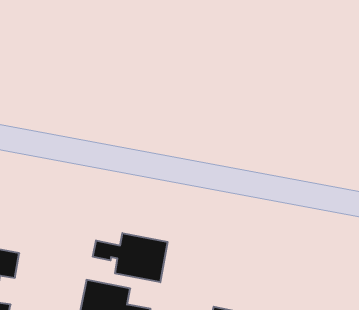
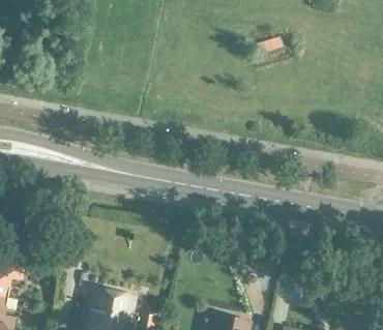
building: [93,233,168,282] -> none

